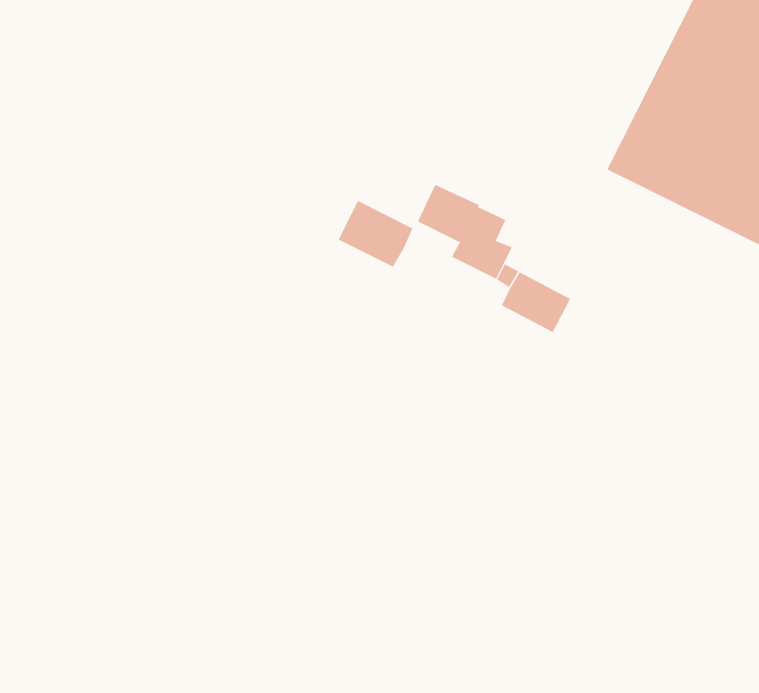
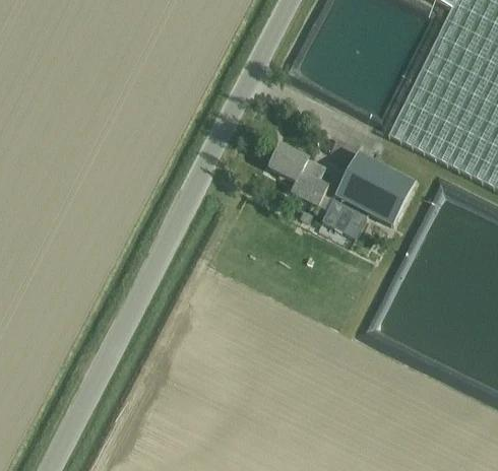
building: none -> [335,150,416,224]
building: [338,200,413,268] -> none

